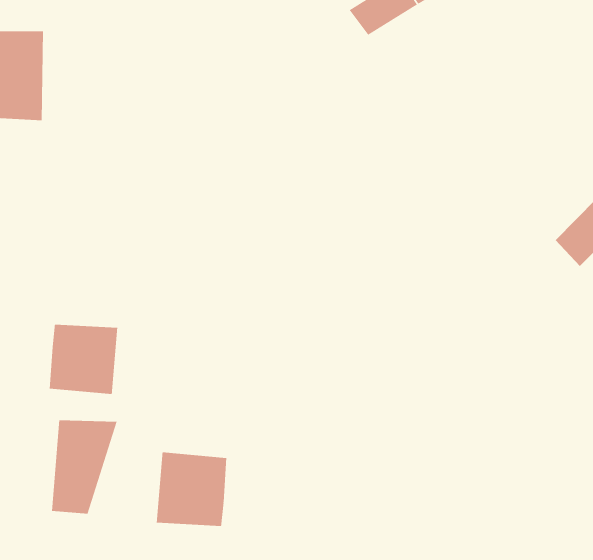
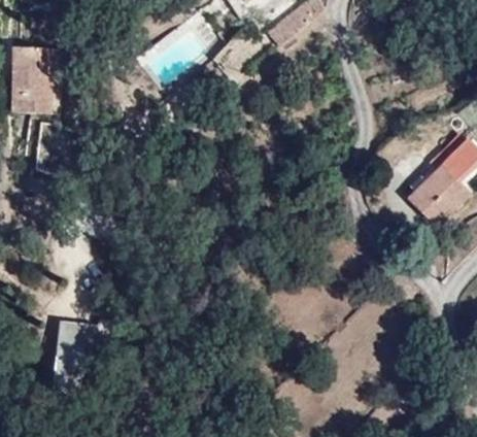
building: [49,324,118,395] -> none
building: [156,452,227,527] -> none

